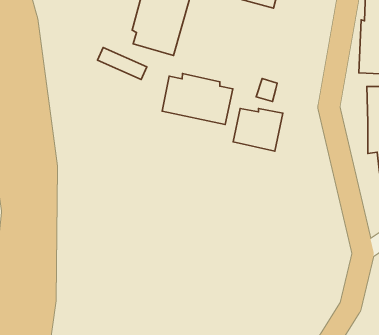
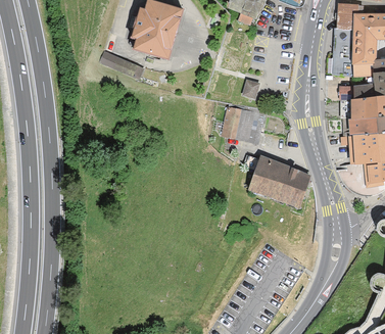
building: [162,74,233,125] -> none
building: none -> [245,152,311,209]

